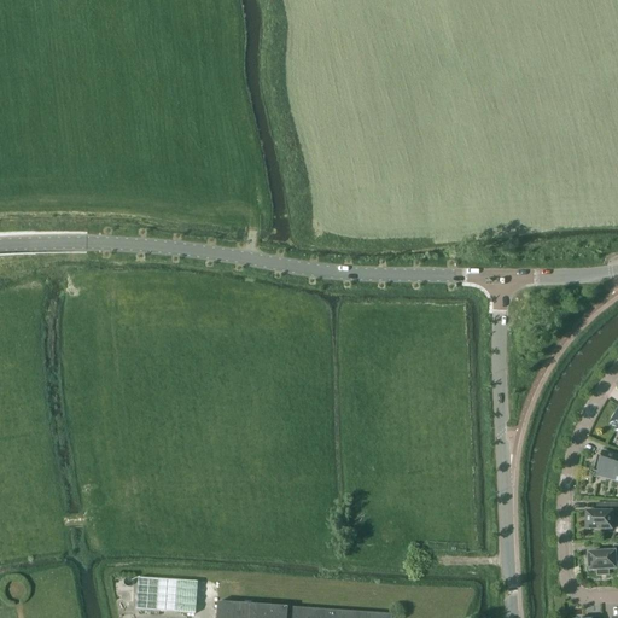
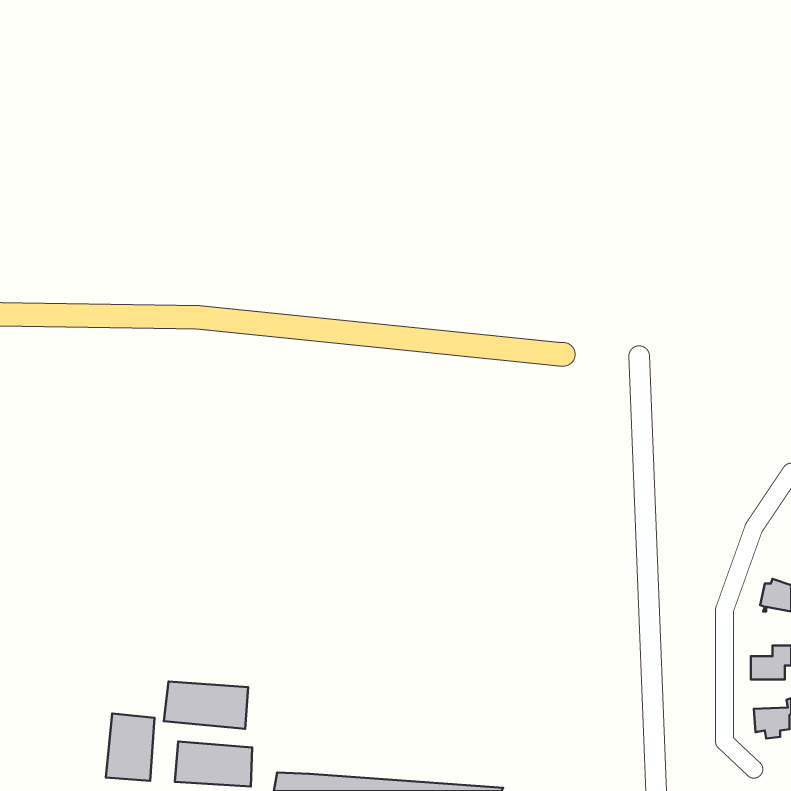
building: none -> [164,682,248,729]
building: none -> [106,714,154,781]

